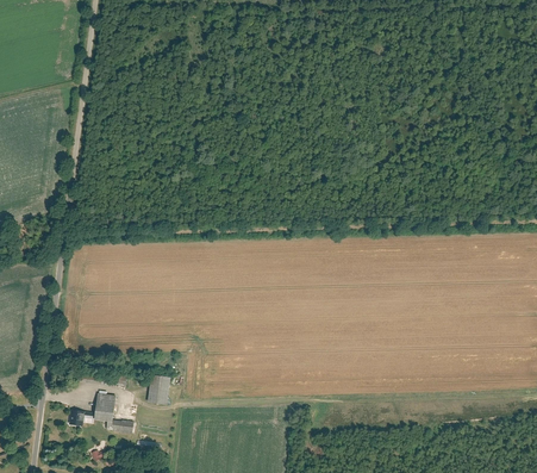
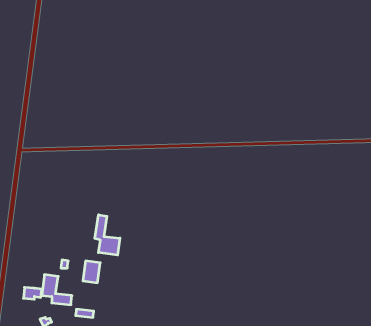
building: none -> [95,215,120,255]

